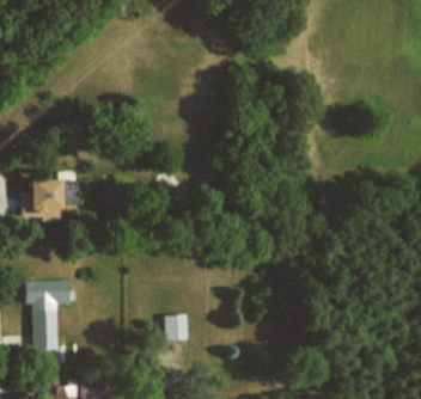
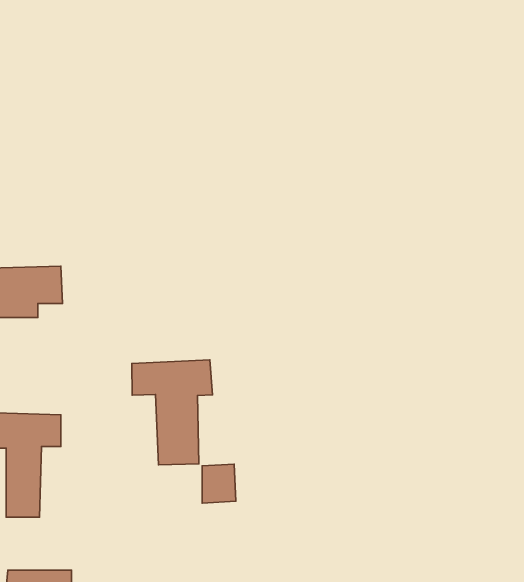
building: none -> [132,360,212,465]

